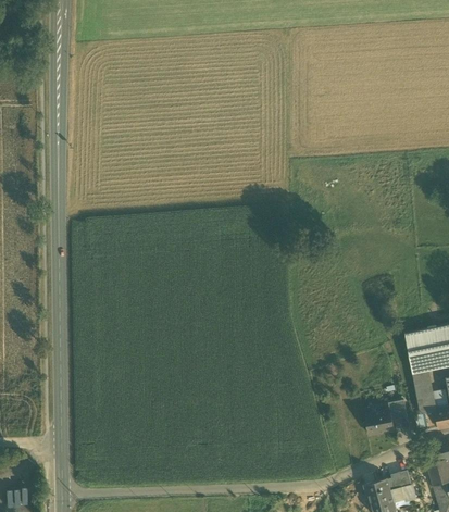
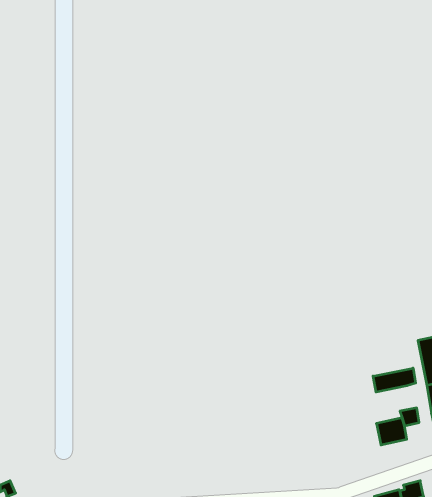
building: none -> [373,368,416,392]

